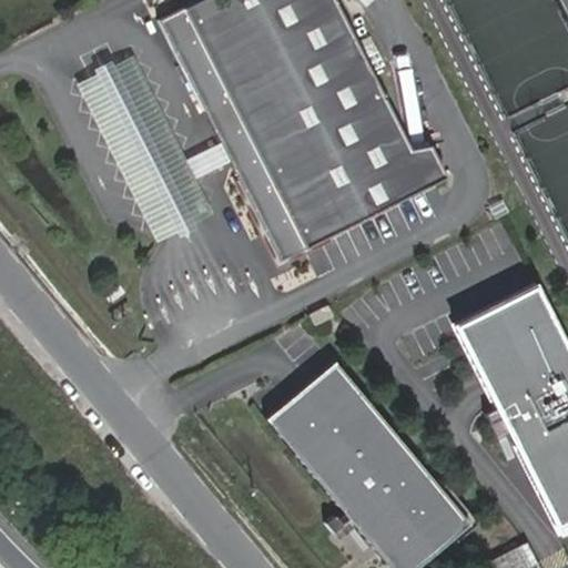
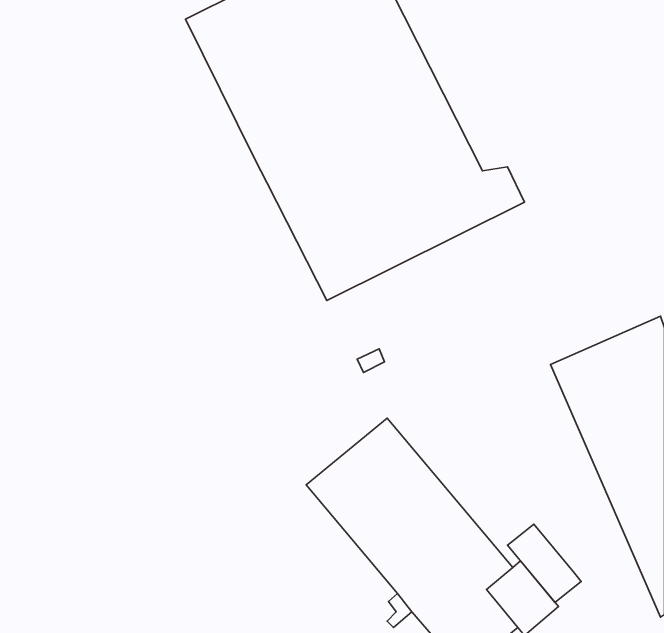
building: [79,55,230,241] -> none
building: none -> [508,524,581,602]

